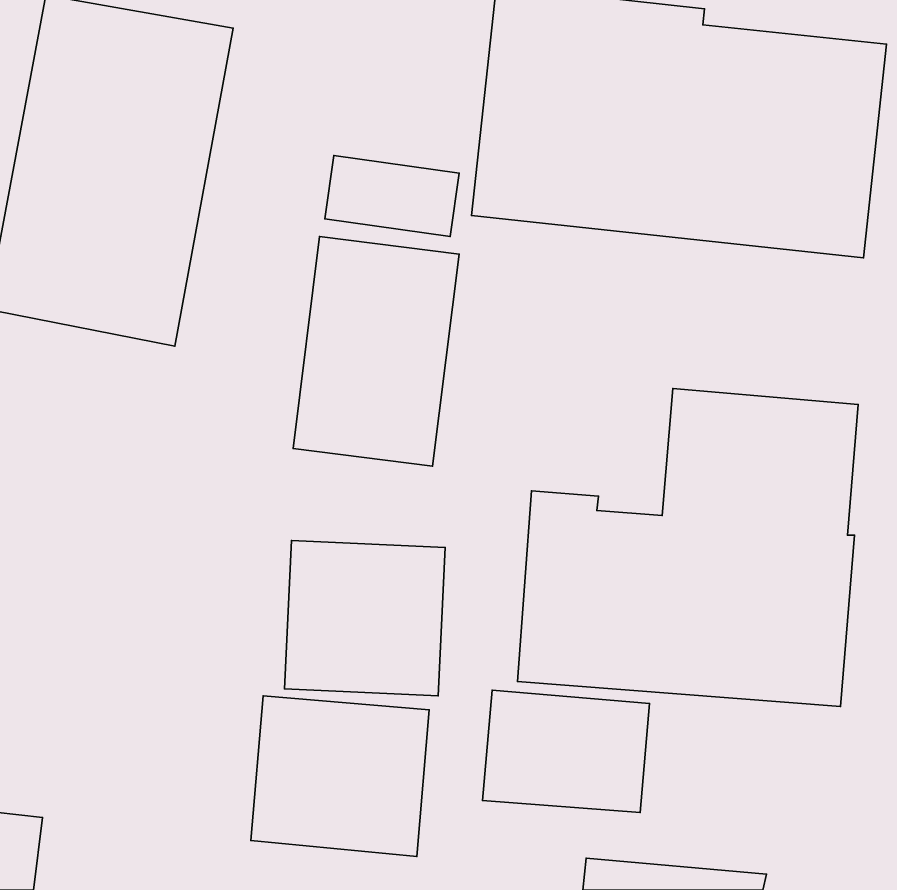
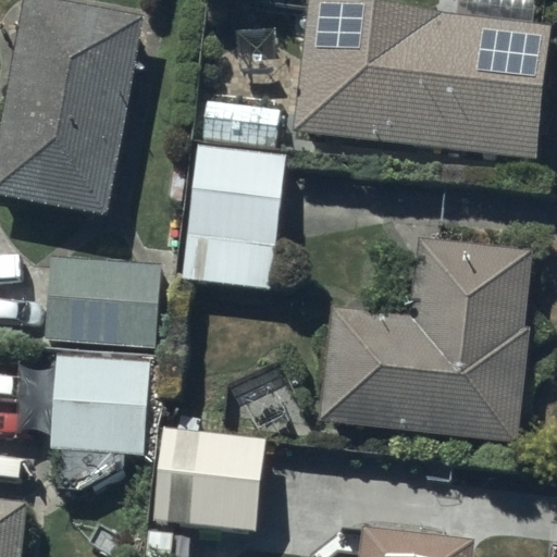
building: none -> [45,256,161,348]
building: [285,540,445,696] -> [49,356,148,451]
building: [483,690,649,813] -> none

